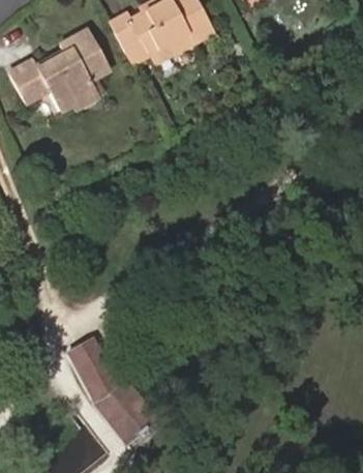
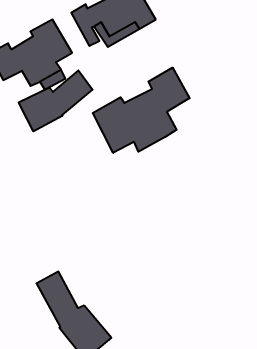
building: none -> [93,68,190,153]
building: none -> [19,70,93,131]

